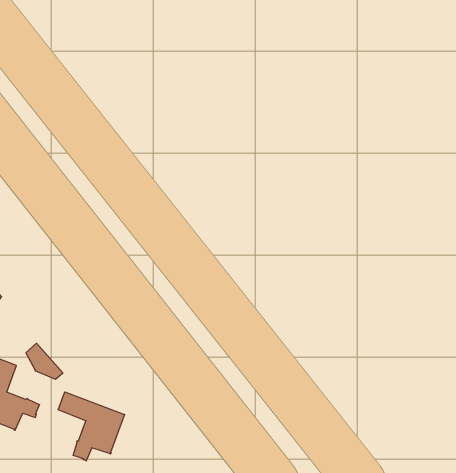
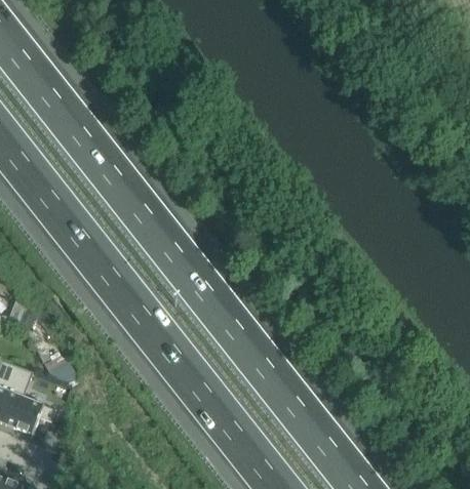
building: [58,392,125,461] -> none

